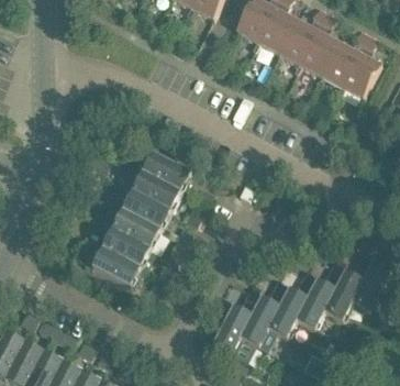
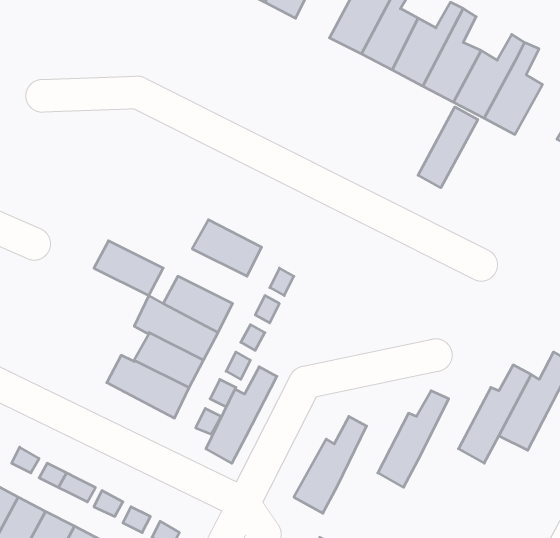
building: none -> [418,107,478,188]
building: [132,175,179,212] -> [94,241,163,296]
building: [296,262,345,329] -> none
building: [241,280,289,346] -> [206,367,277,463]

